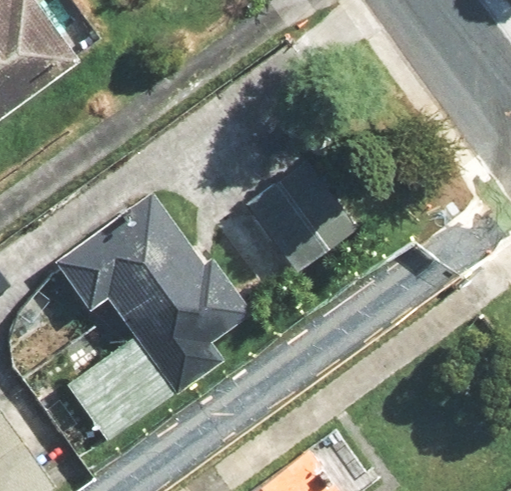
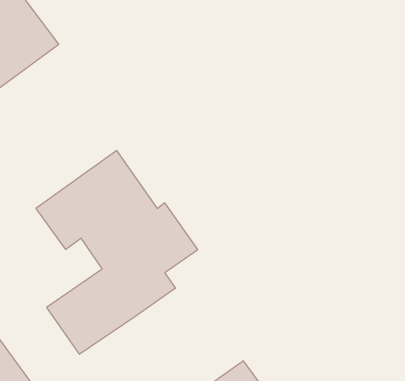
building: [247,163,355,274] -> none

